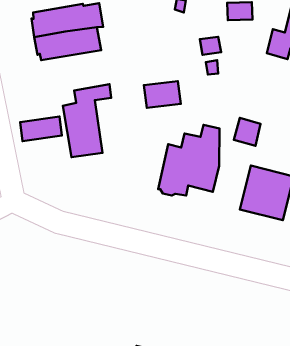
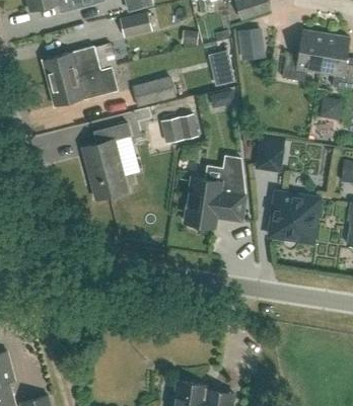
building: none -> [134,76,178,106]
building: [20,117,62,141] -> none

